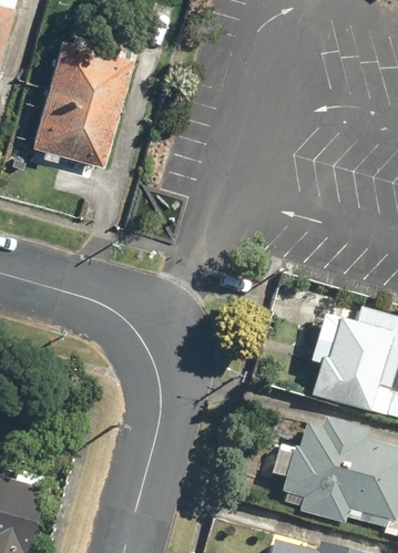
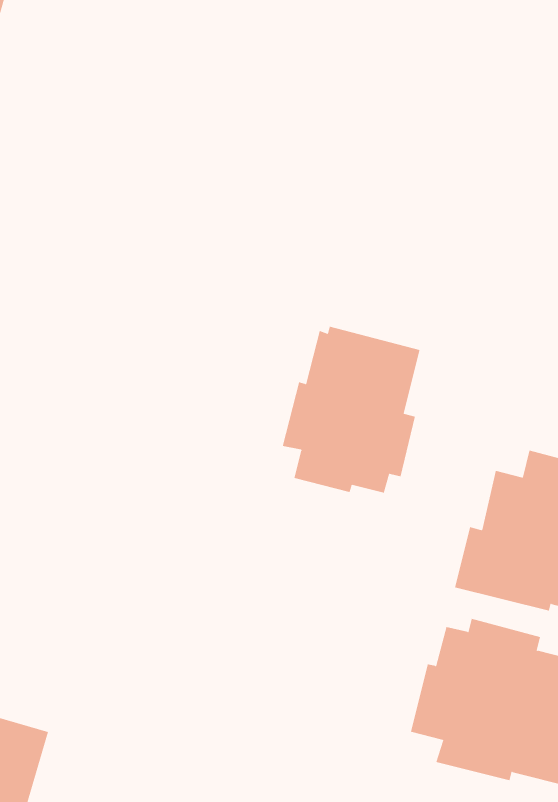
building: [33,35,135,164] -> none
building: none -> [282,326,420,494]

